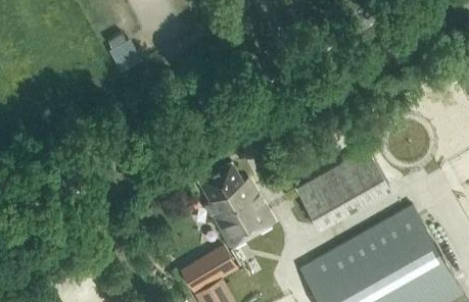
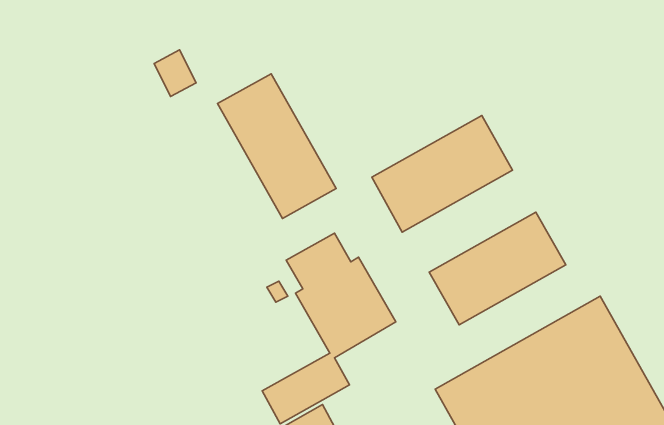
building: none -> [218,74,336,219]
building: none -> [372,115,512,232]

